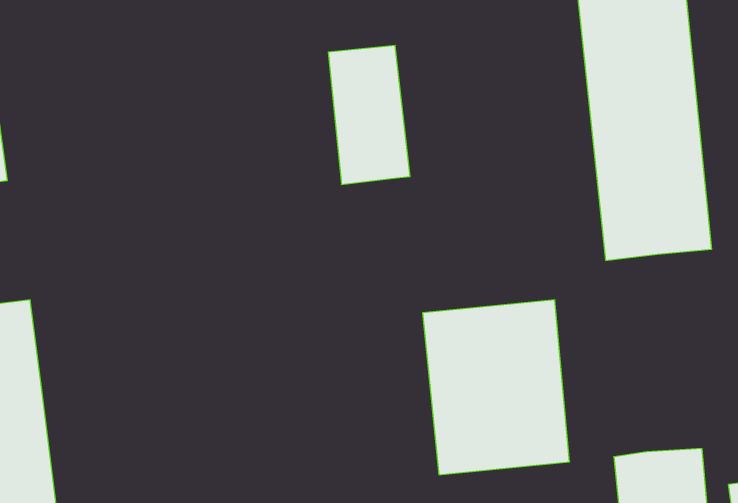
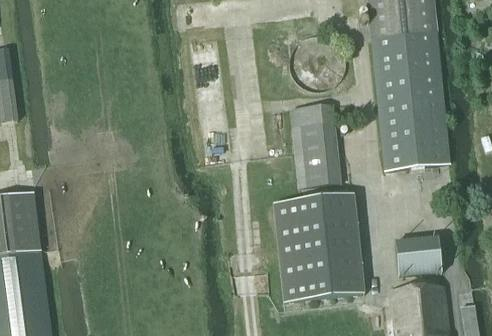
building: [328,46,410,185] -> [291,103,341,188]
building: none -> [394,236,442,275]

